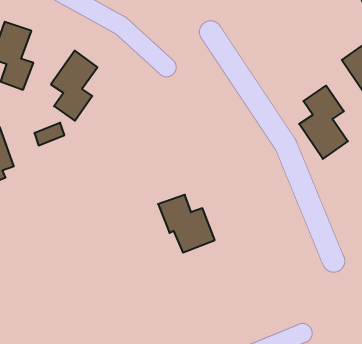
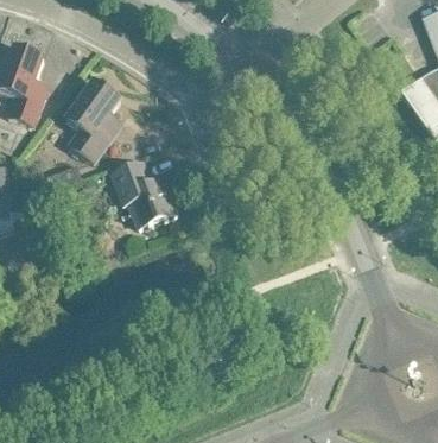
building: [299,86,348,159] -> none
building: [158,195,215,253] -> [112,162,177,228]

